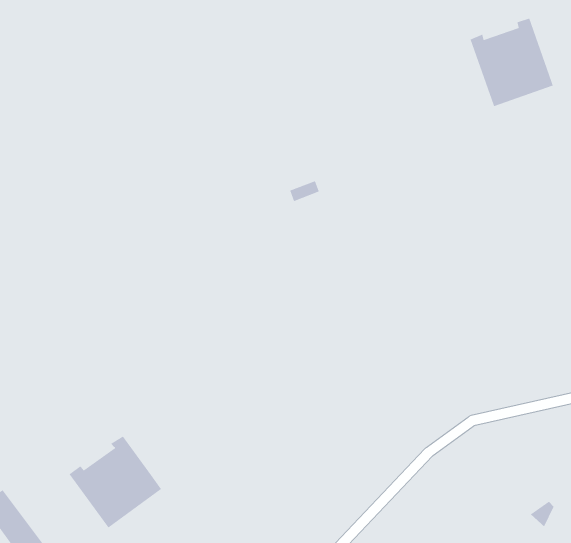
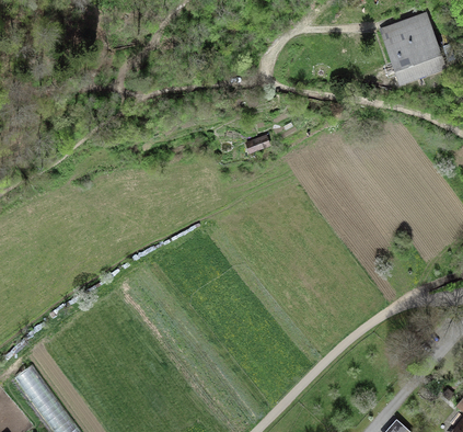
building: [69,436,164,530] -> none

